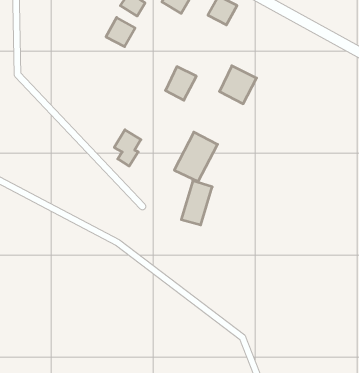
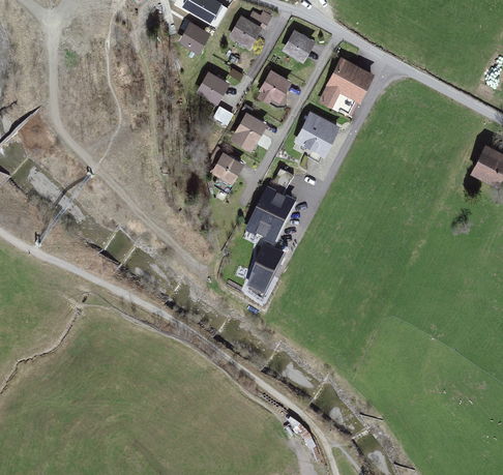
building: [106,17,135,47] -> [197,70,231,105]
building: none -> [320,58,374,116]
building: none -> [256,70,290,109]
building: [114,130,141,166] -> [211,150,242,192]

